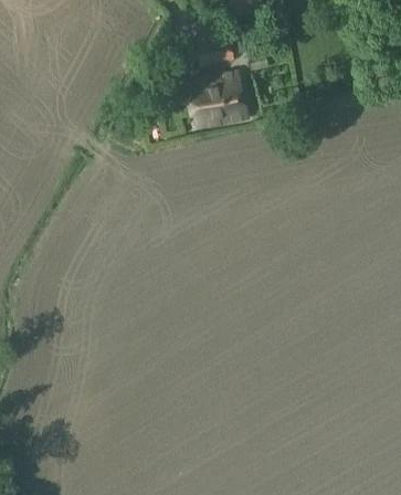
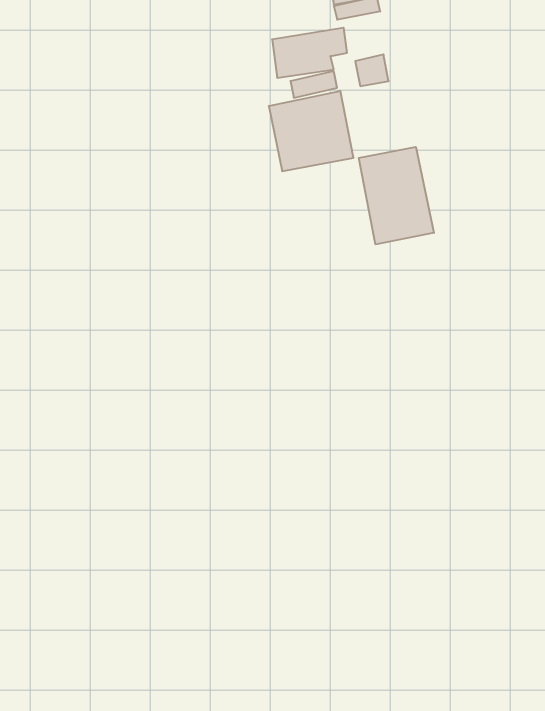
building: none -> [359,147,434,244]

